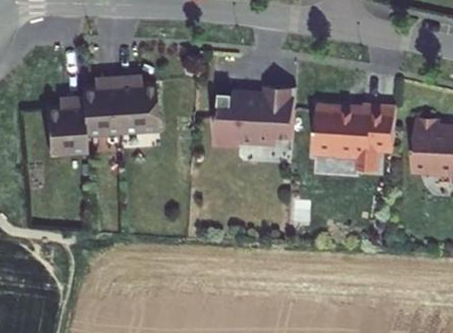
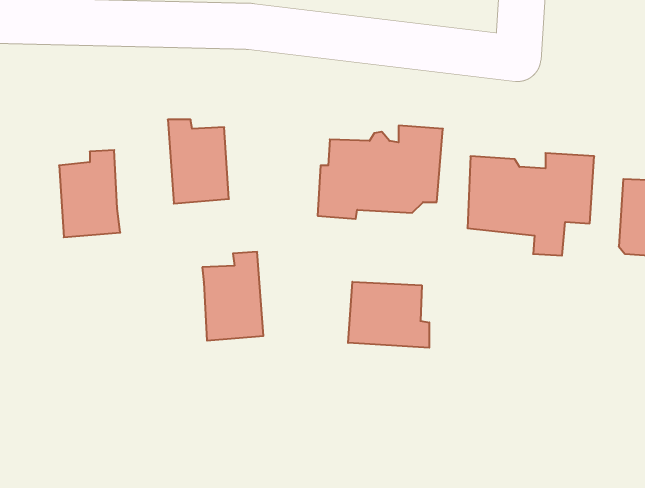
building: [78,82,119,140] -> [202,252,263,341]
building: none -> [348,282,429,348]

